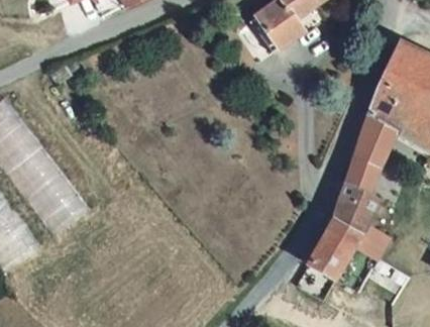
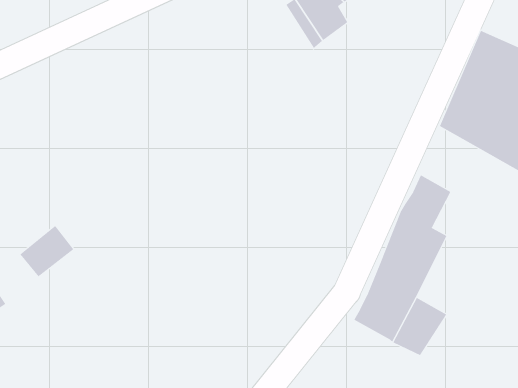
building: [355,115,393,165] -> none

